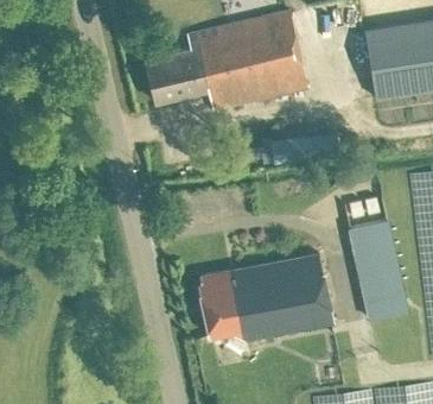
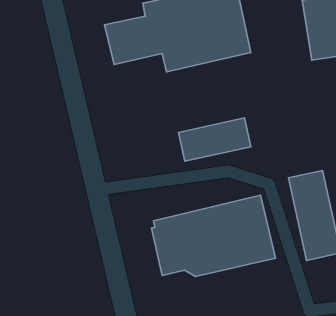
building: none -> [179,118,251,161]

